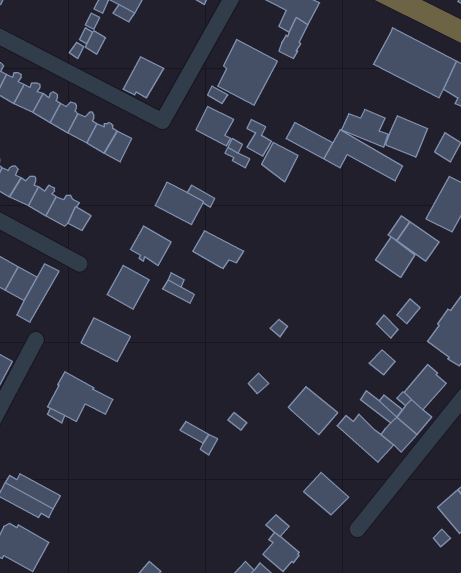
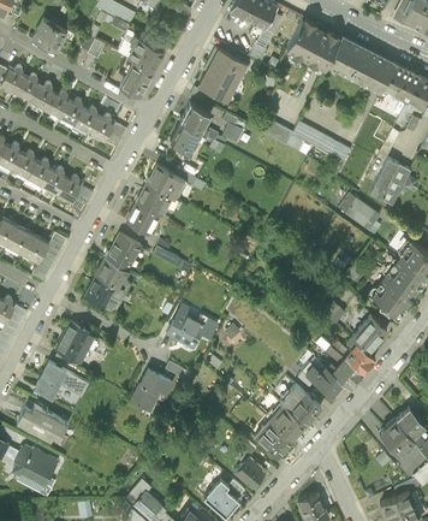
building: none -> [32,19,65,53]
building: none -> [287,20,341,71]
building: none -> [118,31,165,71]
building: [386,116,428,157] -> none
building: [262,142,298,182] -> [171,122,201,154]
building: [193,231,244,269] -> [137,184,179,215]
building: [376,237,415,277] -> none
building: none -> [96,257,129,291]
building: none -> [167,304,218,347]
building: [288,387,338,435] -> [281,385,322,425]
building: none -> [36,363,90,398]
building: none -> [131,371,172,410]
building: none -> [255,421,292,456]

